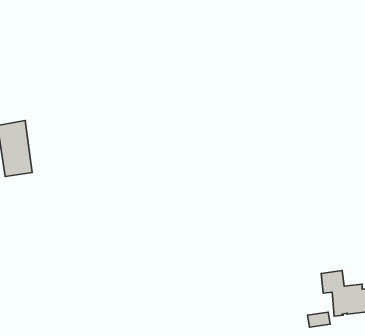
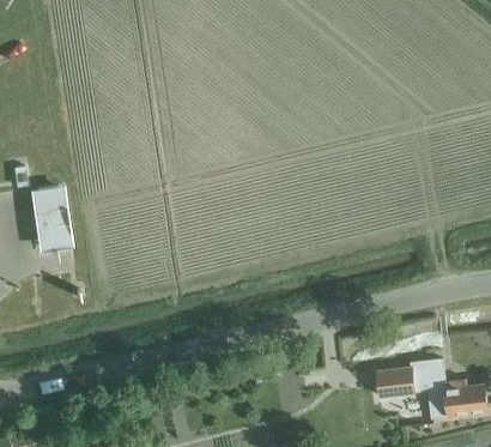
building: none -> [376,367,416,397]

